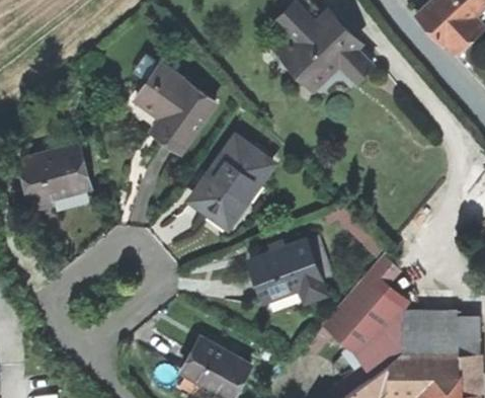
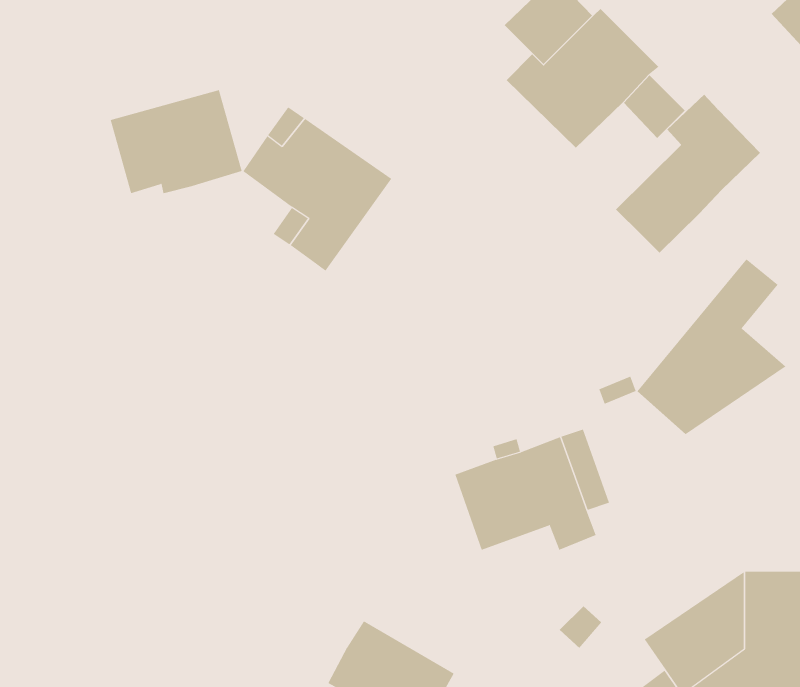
building: none -> [615,94,761,254]
building: [190,140,270,228] -> none
building: [19,145,90,201] -> [110,90,242,194]
building: [324,256,404,350] -> [636,258,786,435]

